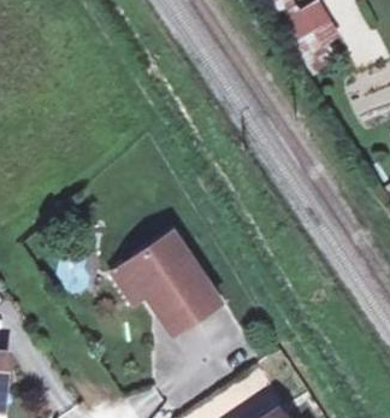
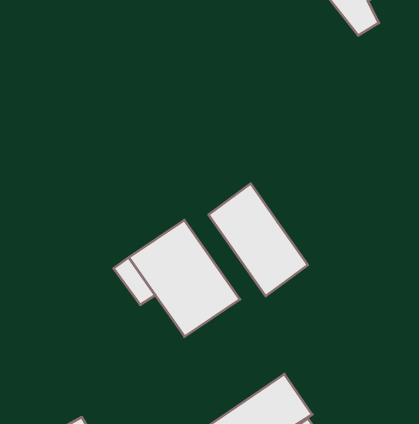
building: none -> [209,184,308,296]

